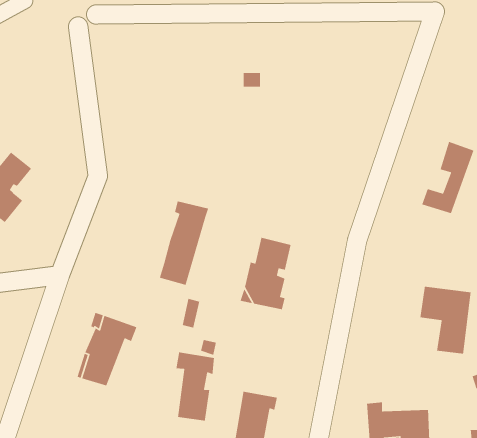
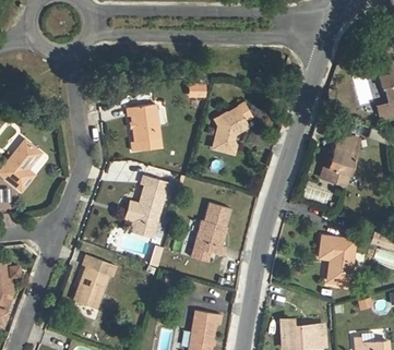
building: none -> [211,97,249,153]
building: none -> [129,104,163,152]
building: [175,351,215,421] -> none

